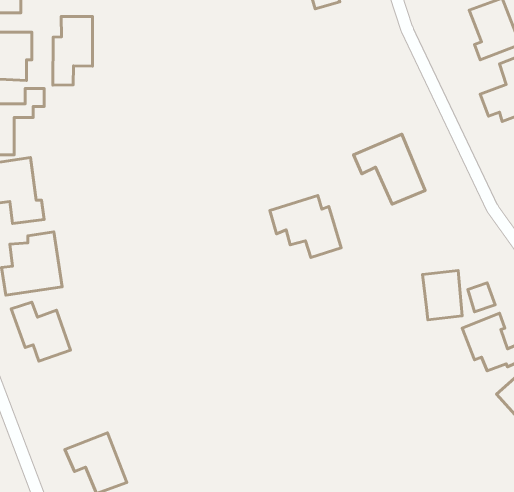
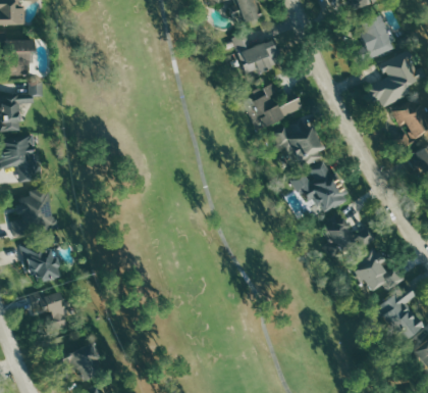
building: [53,17,93,85] -> none
building: none -> [234,34,279,76]
building: none -> [249,83,303,128]
building: [270,195,341,257] -> [290,165,343,211]
building: none -> [30,293,67,331]

